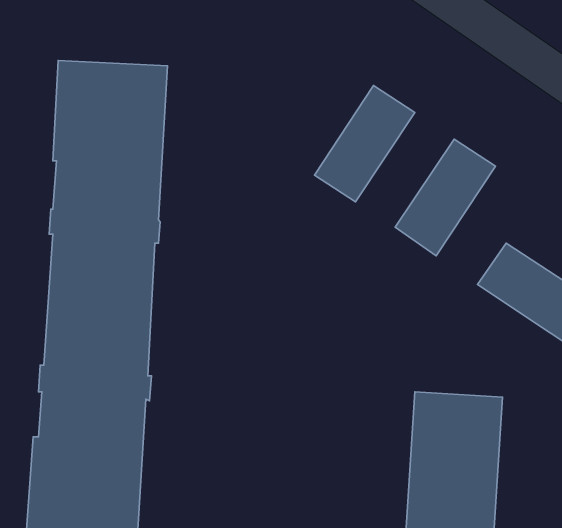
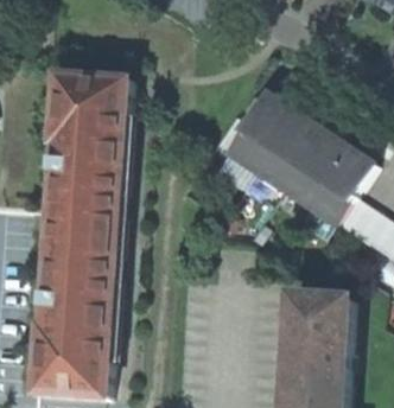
building: none -> [250,107,316,183]
building: none -> [304,142,371,221]

